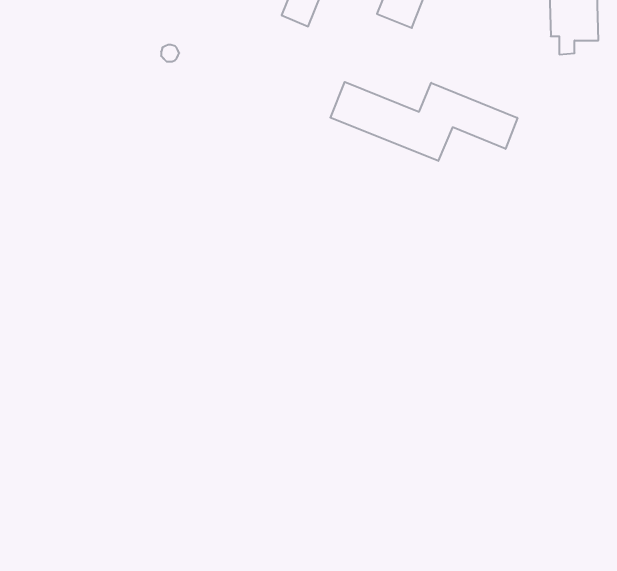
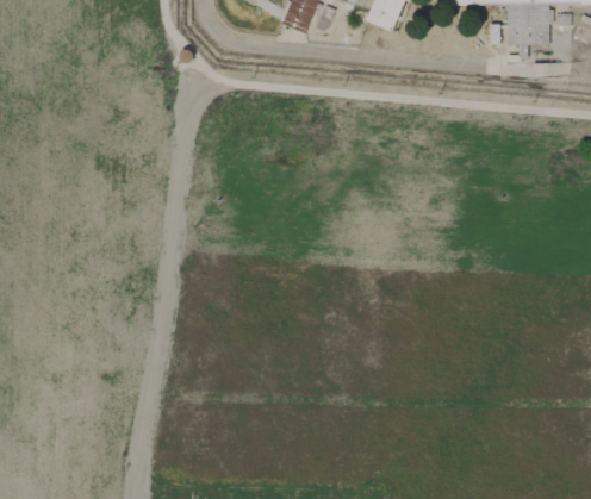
building: [330,82,517,161] -> none

